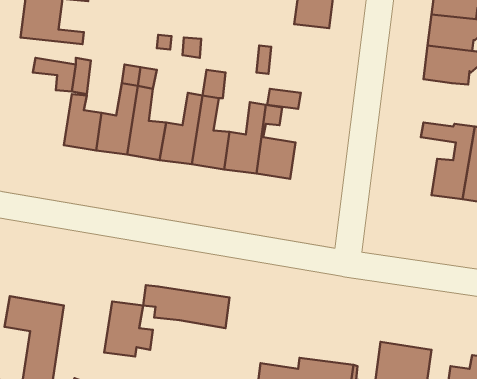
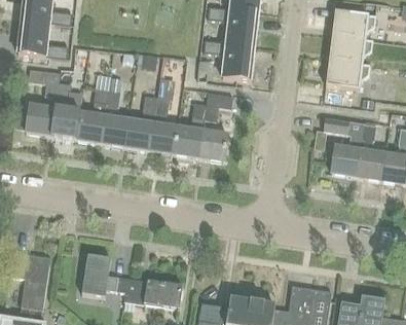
building: none -> [202,41,253,81]
building: none -> [26,95,57,136]
building: [143,285,230,328] -> [116,277,182,310]

